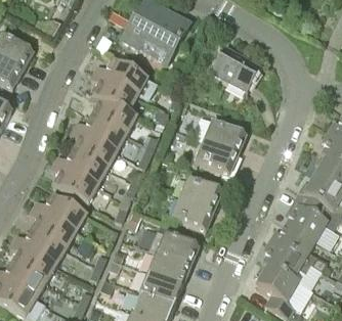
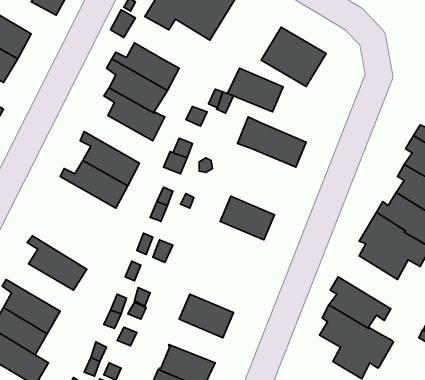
building: [74,114,127,151] -> none
building: [195,140,238,174] -> [228,68,283,112]
building: [51,162,98,203] -> none
building: [34,194,86,233] -> none
building: [171,196,213,231] -> none
building: [270,223,327,271] -> none
building: [13,229,66,266] -> none
building: [149,230,199,267] -> none
building: [139,272,181,306] -> none

